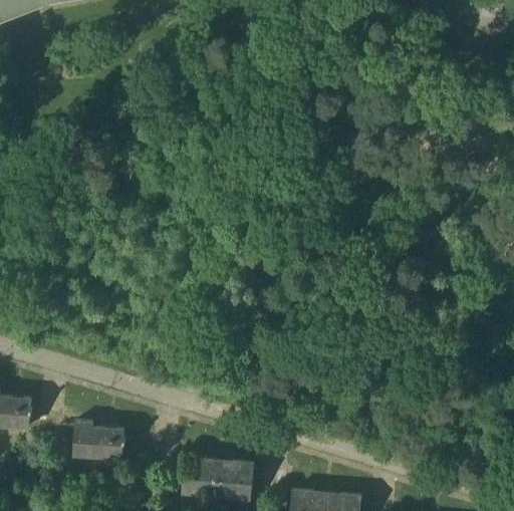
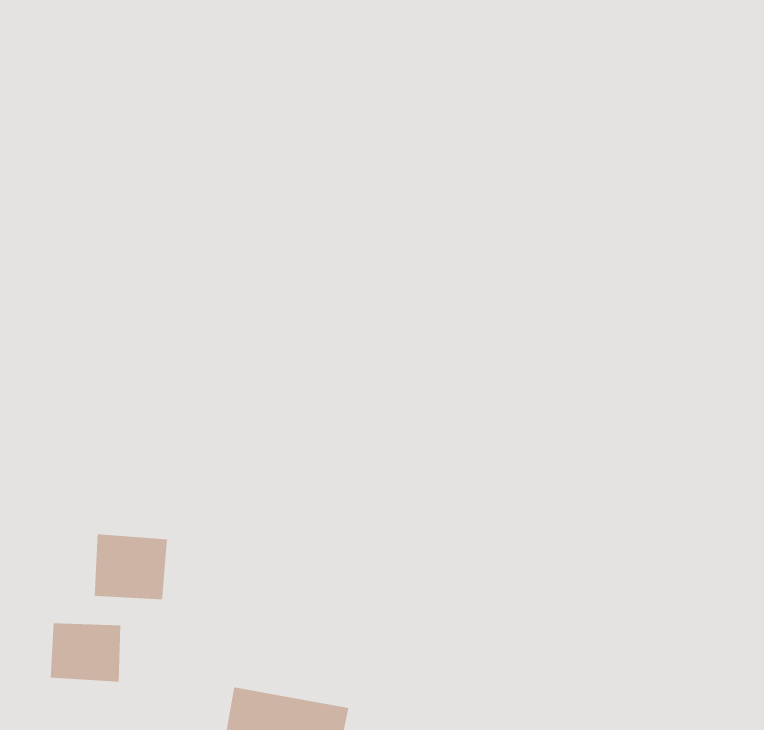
building: none -> [94,533,168,600]

